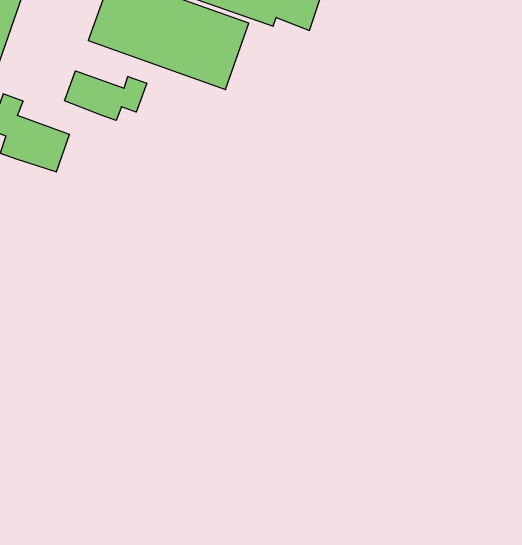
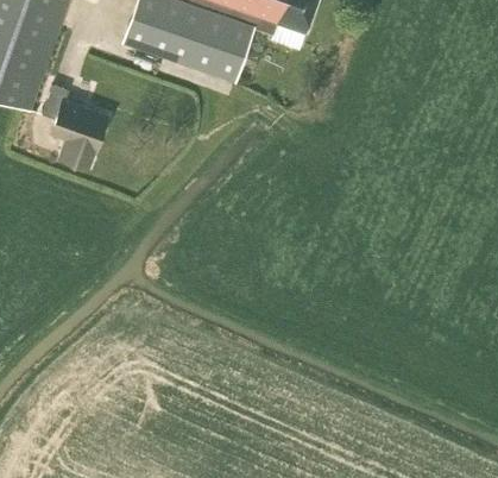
building: [64,71,147,120] -> none
building: none -> [57,138,96,168]

